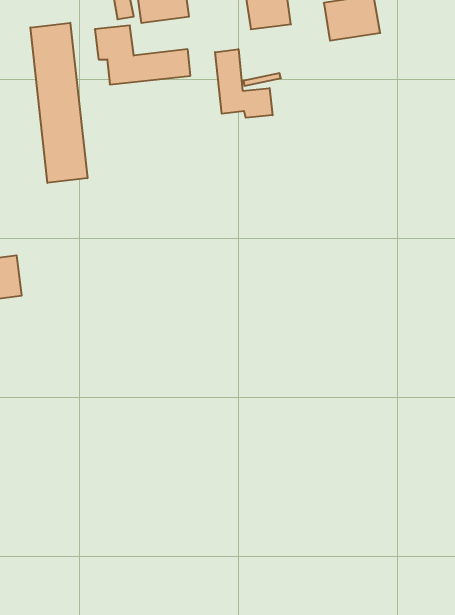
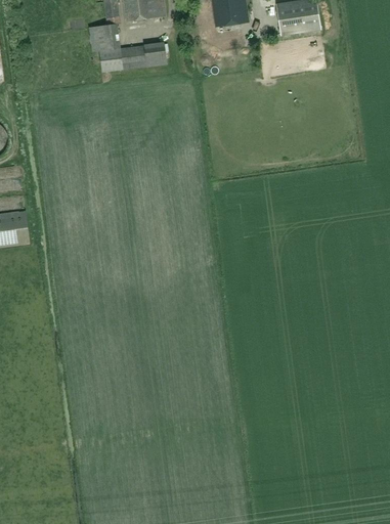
building: [30,23,87,183] -> none
building: [215,49,273,118] -> none

